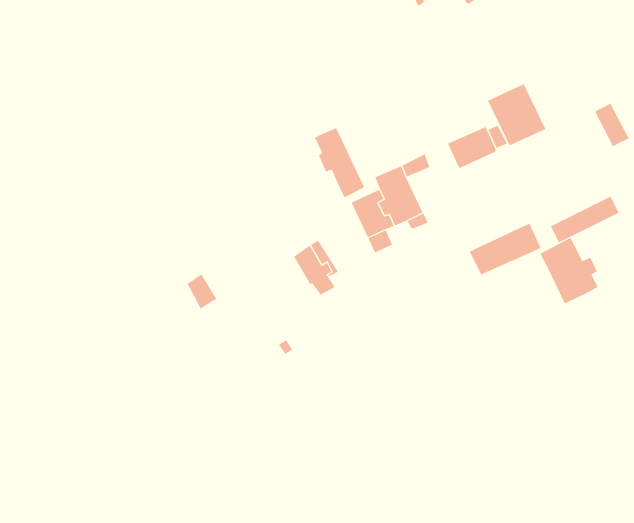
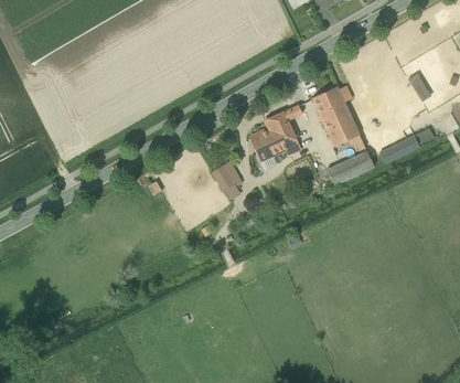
building: [487,84,546,146] -> [320,104,359,145]
building: [314,127,365,198] -> none
building: [539,237,599,304] -> none

